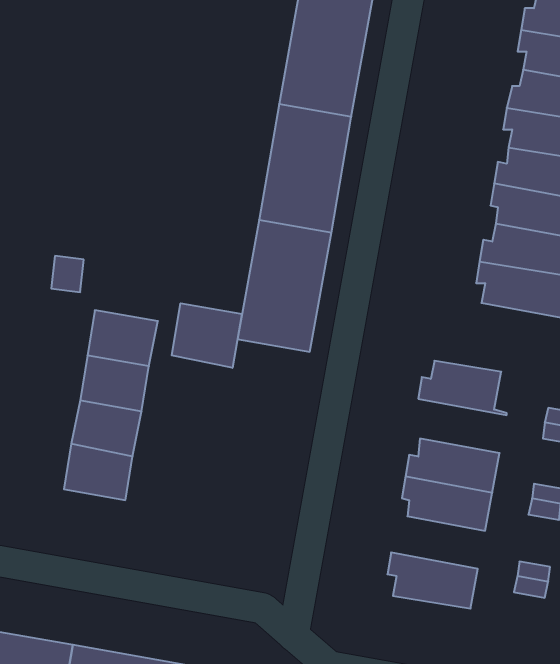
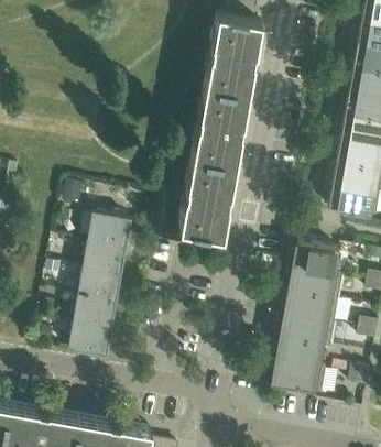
building: [172,303,242,368] -> none
building: none -> [286,270,342,303]
building: none -> [67,325,110,360]
building: none -> [272,341,329,373]

